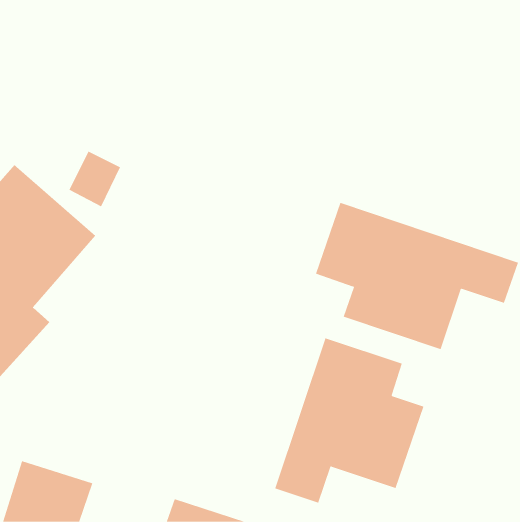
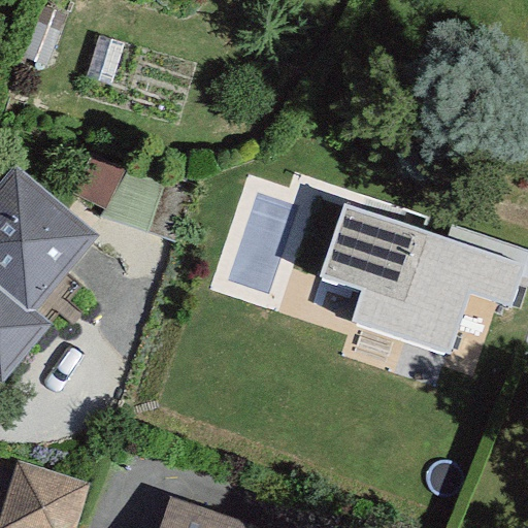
building: [274,337,424,503] -> none

